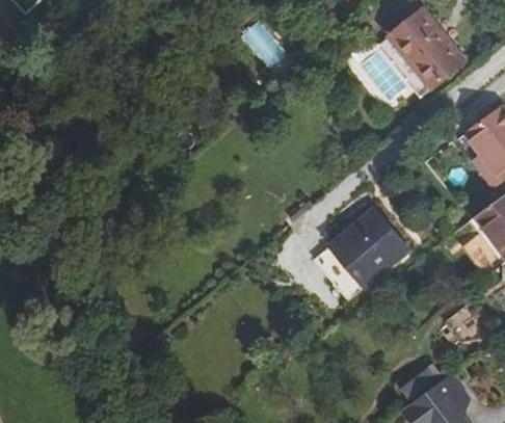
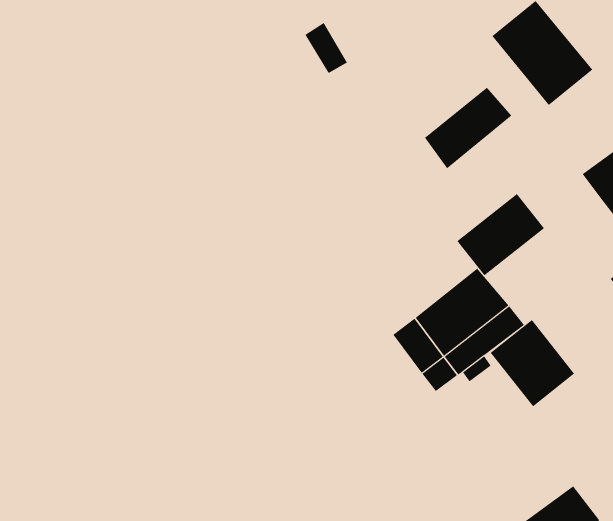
building: none -> [424,87,512,169]
building: none -> [456,193,545,276]
building: none -> [490,319,575,407]

